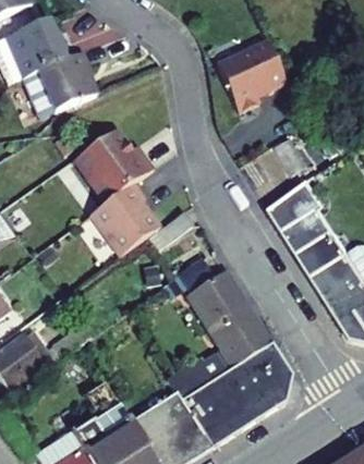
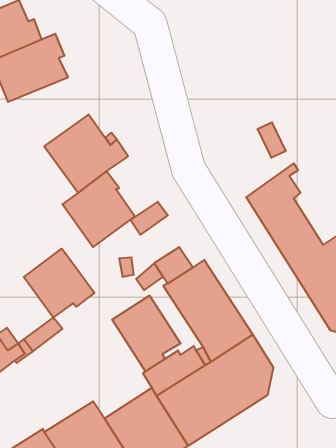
building: [217,41,287,112] -> none
building: none -> [24,249,94,318]
building: none -> [112,295,181,371]

